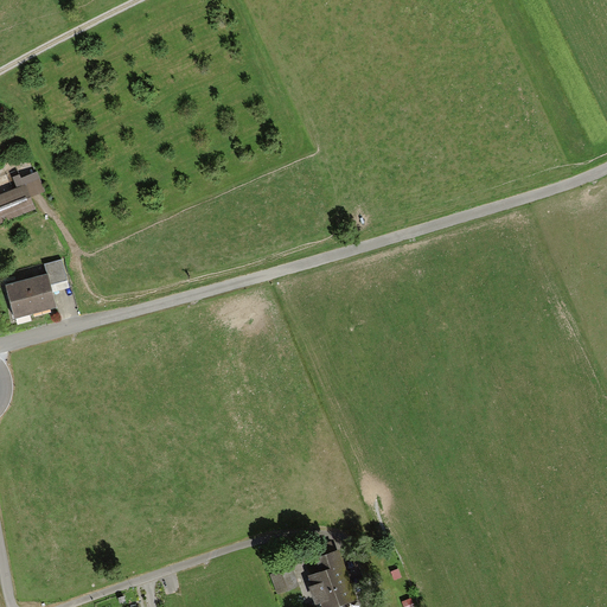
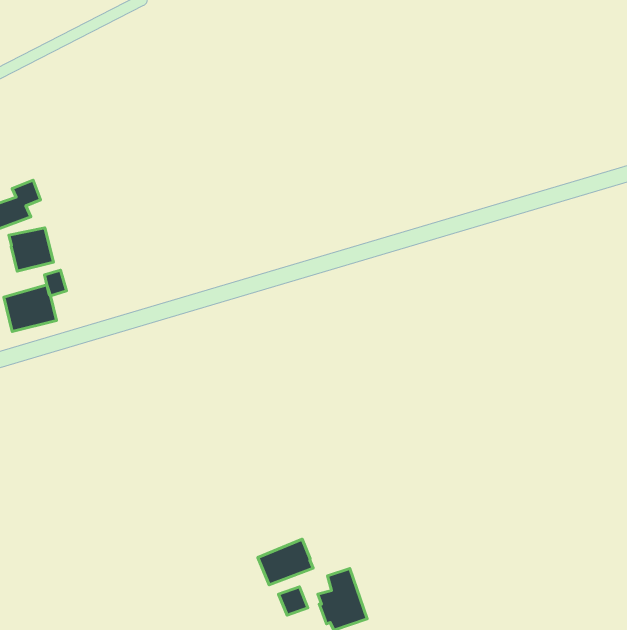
building: none -> [9,228,54,271]
building: none -> [258,539,313,585]

